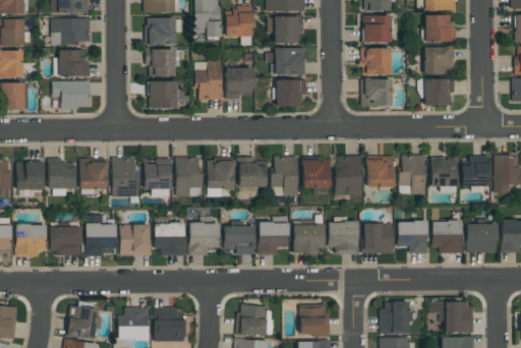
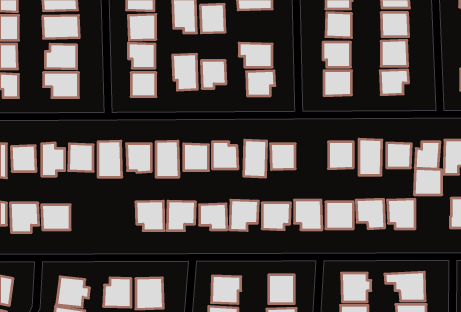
building: [274,16,304,44] -> none
building: [336,156,361,195] -> none
building: [85,224,116,255] -> none
building: [466,224,497,252] -> [414,169,442,195]
building: [120,225,151,255] -> none

